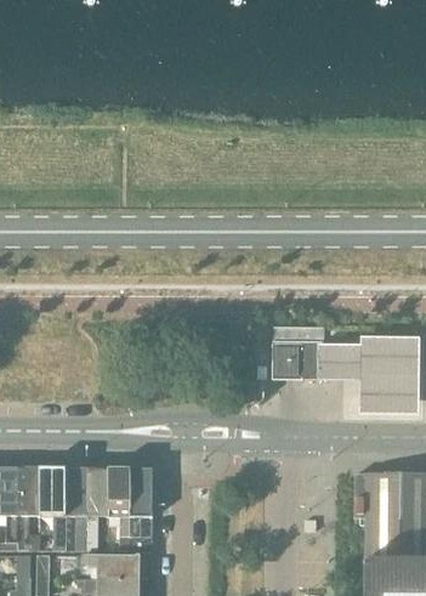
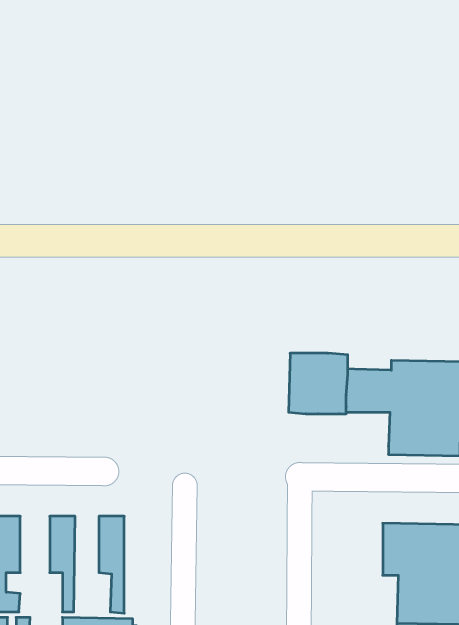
building: [40,469,66,551] -> none
building: [86,469,108,551] -> none
building: [130,469,153,552] -> none

